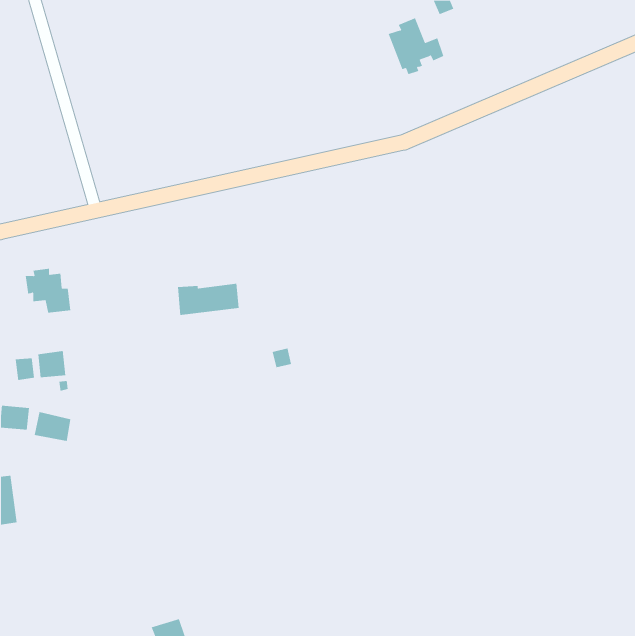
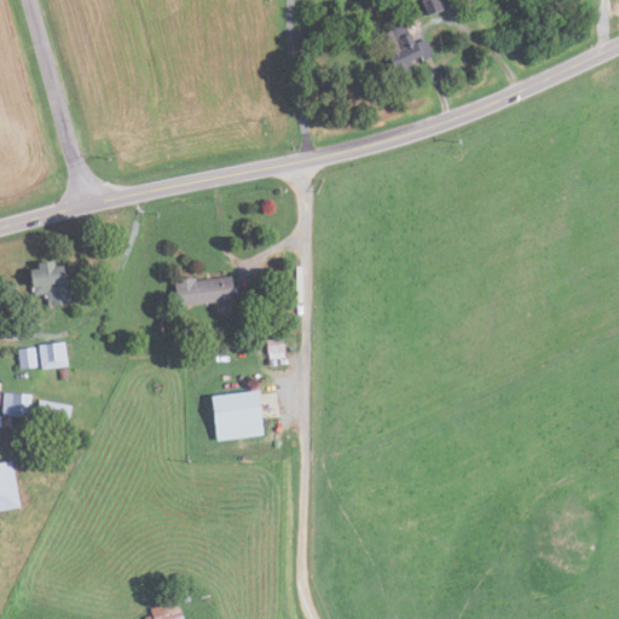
building: none -> [212,392,264,441]

